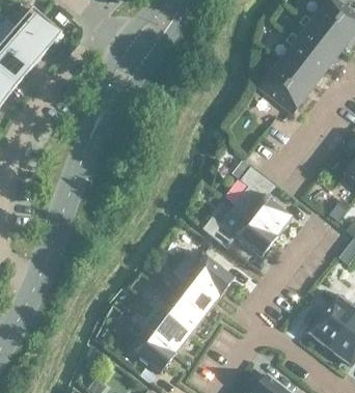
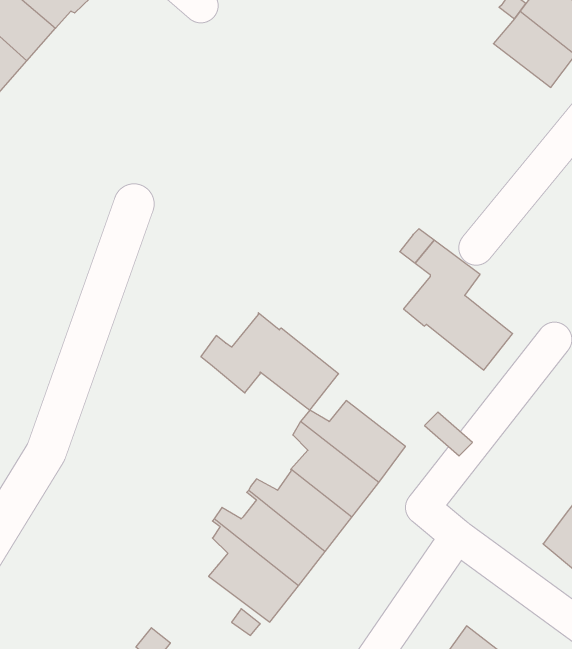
building: [260,59,312,111] -> none
building: [201,203,276,256] -> [201,313,339,410]

